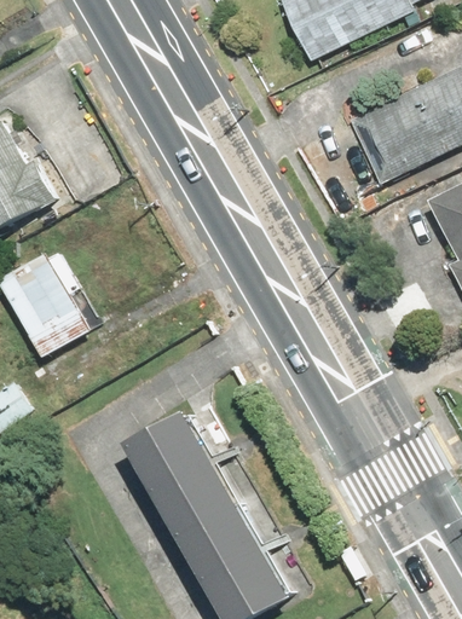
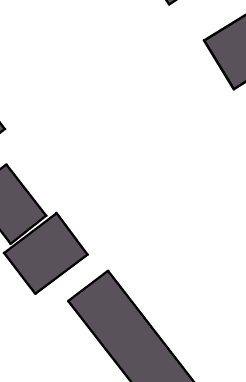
building: none -> [4,213,88,294]

